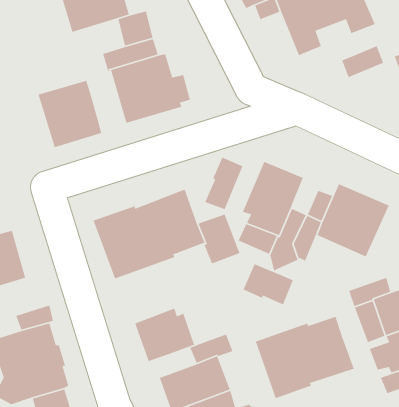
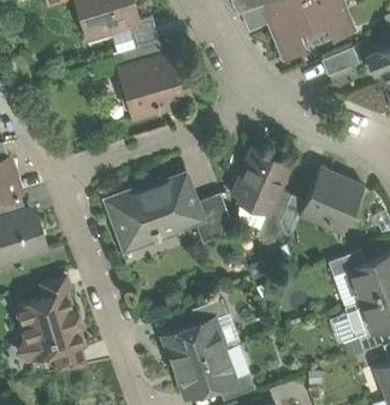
building: [37,80,102,148] -> none
building: [204,157,244,210] -> none
building: [243,263,294,306] -> none
building: [134,307,196,362] -> none
building: [255,315,355,399] -> none

